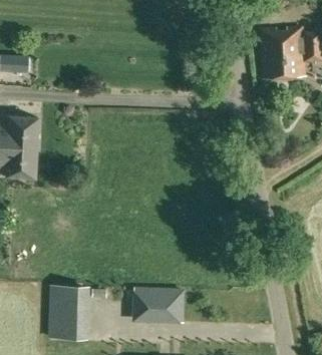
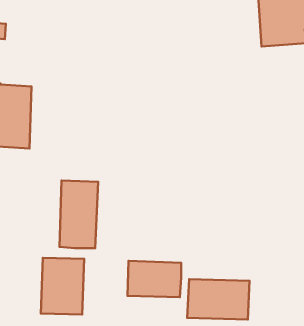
building: none -> [60,181,98,248]
building: none -> [187,279,249,320]

